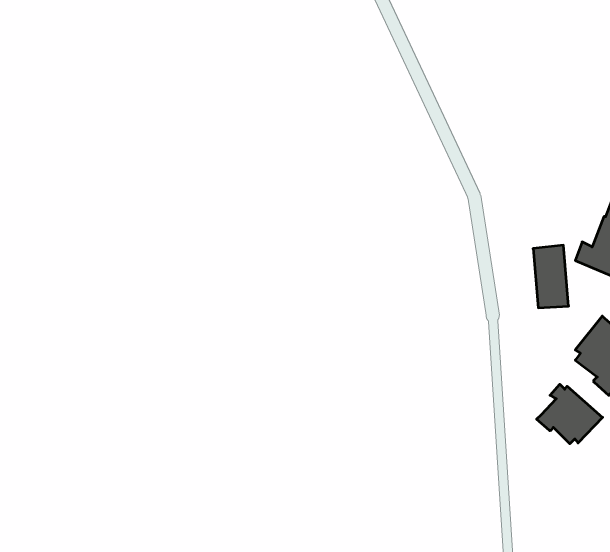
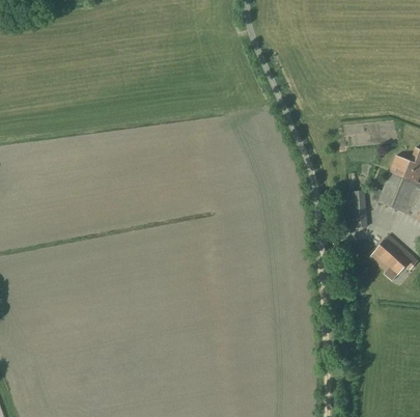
building: [537,384,603,444] -> none

